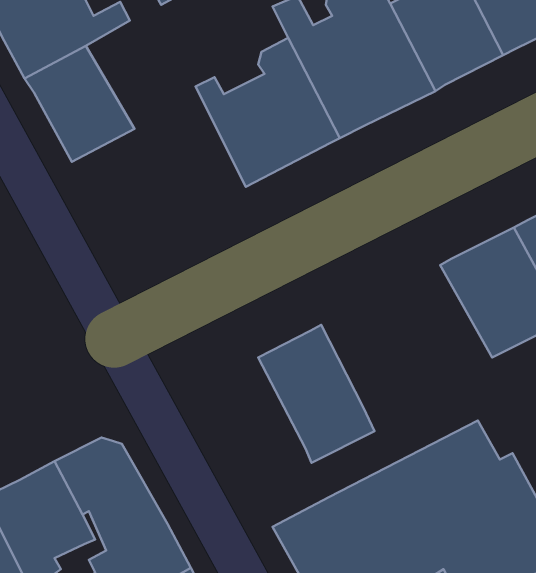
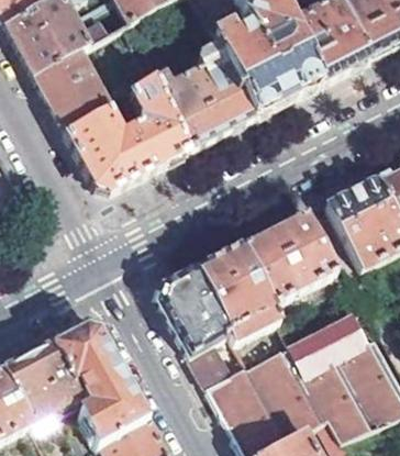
building: none -> [66,77,188,188]
building: none -> [241,211,338,302]
building: none -> [158,267,246,386]

